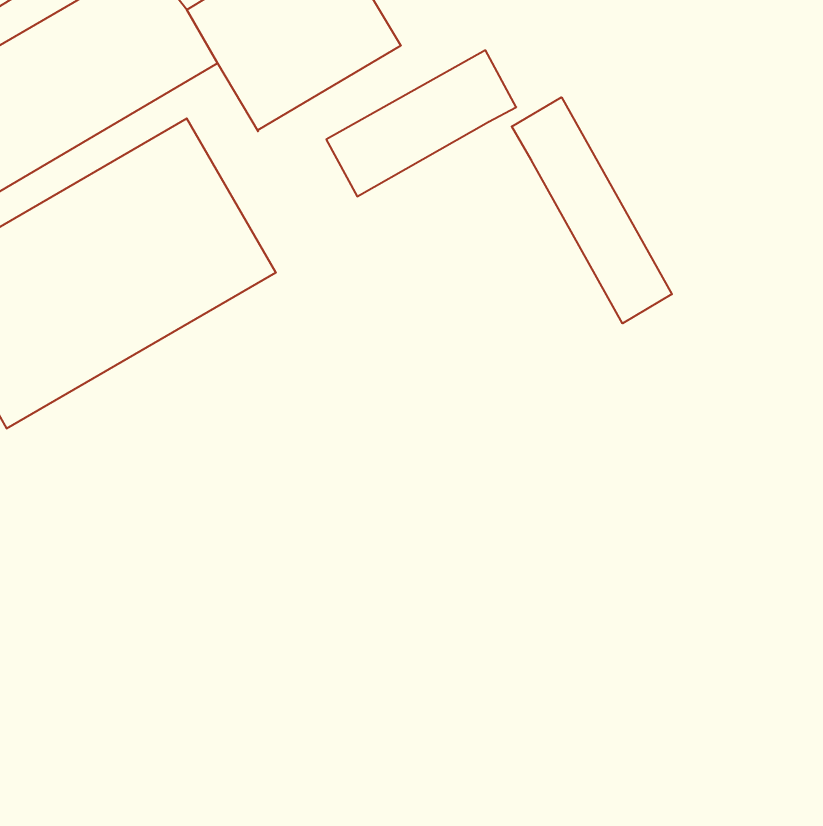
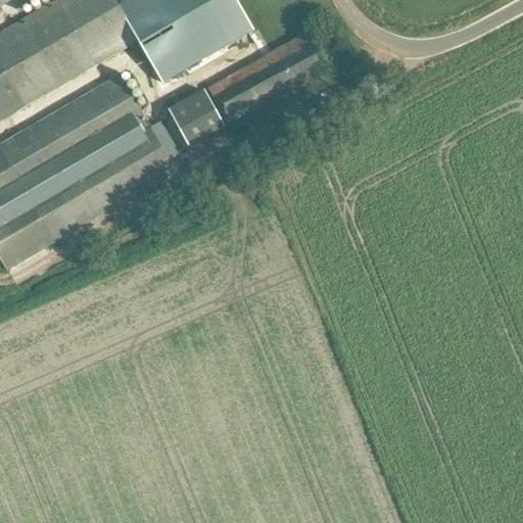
building: [512,97,672,323] -> none
building: none -> [165,90,221,146]

